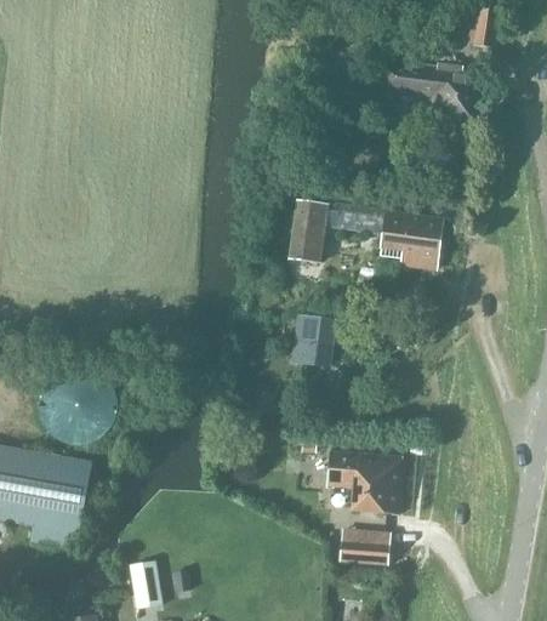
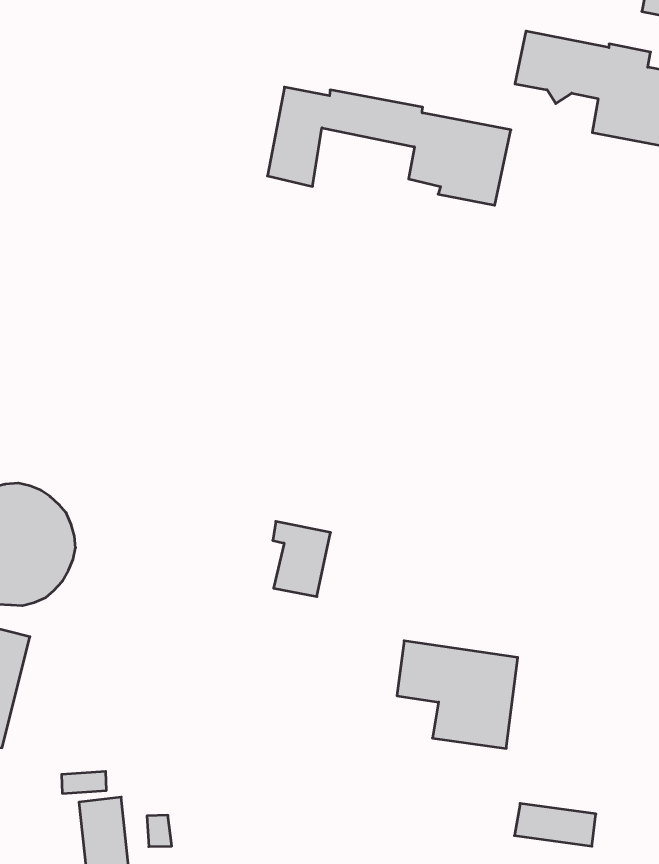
building: [290,200,443,267] -> [267,87,511,205]
building: [297,317,334,363] -> [273,521,331,597]
building: [338,539,389,563] -> [514,803,596,846]

